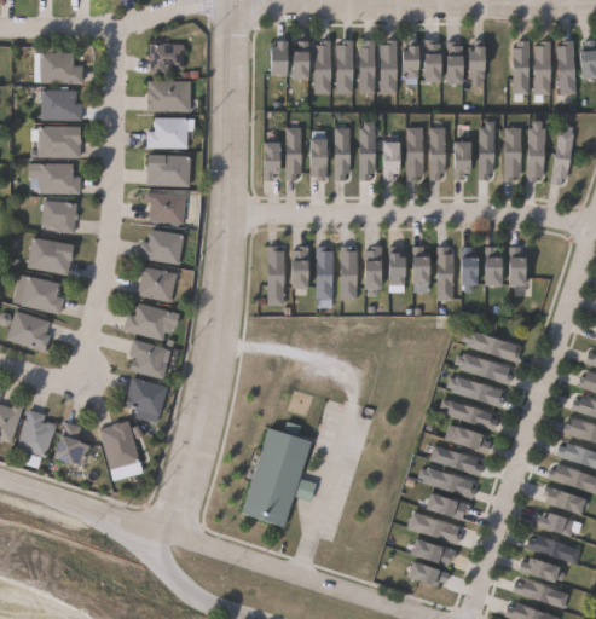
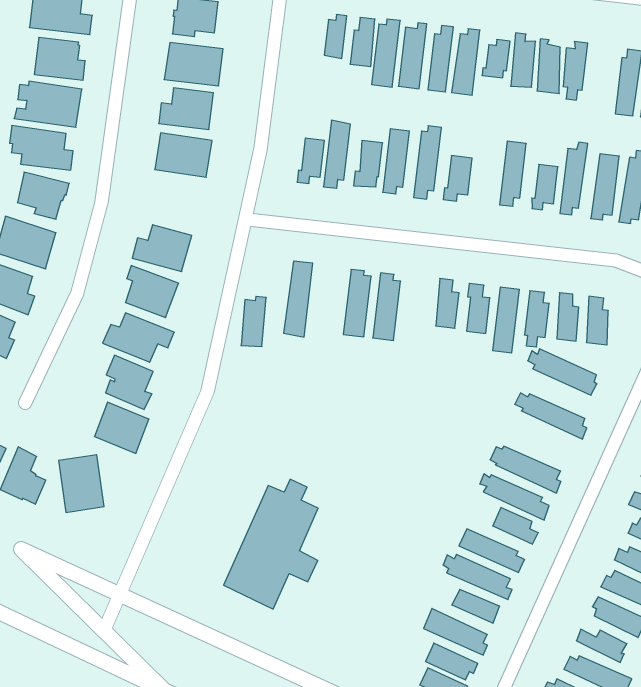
building: [406,128,423,181] -> none
building: [145,191,186,224] -> none
building: [291,245,309,287] -> [241,296,266,347]
building: [365,245,383,295] -> none
building: [455,351,513,383] -> [528,349,597,395]

